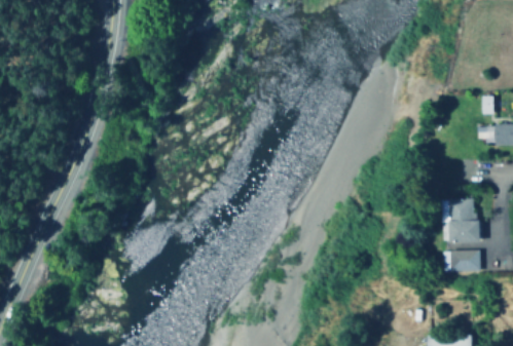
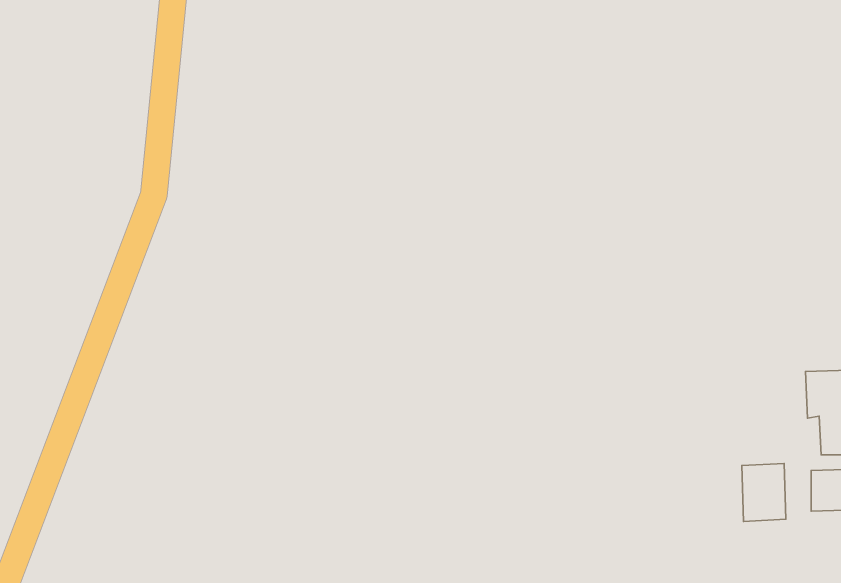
building: none -> [742,463,786,521]

